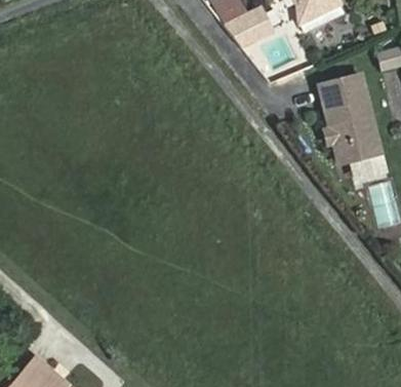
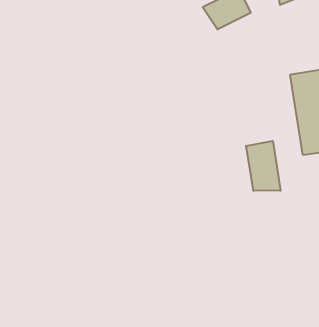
building: none -> [246,141,281,191]

